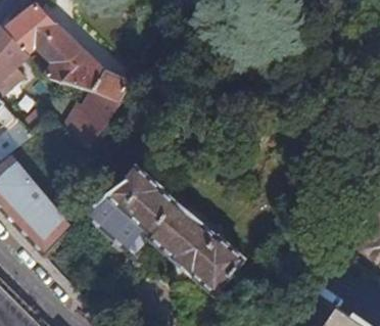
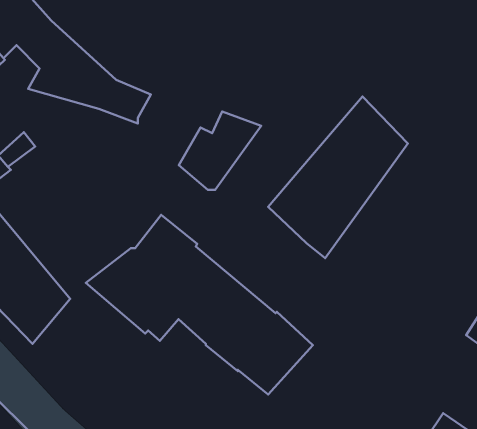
building: none -> [268,97,408,258]
building: [62,93,121,148] -> [179,111,261,190]

